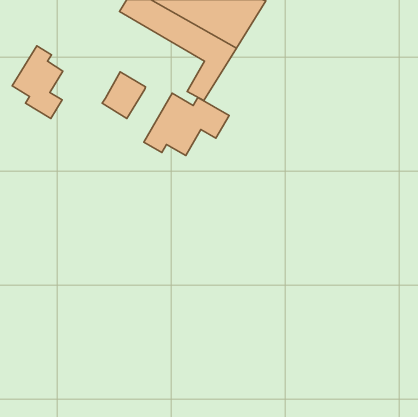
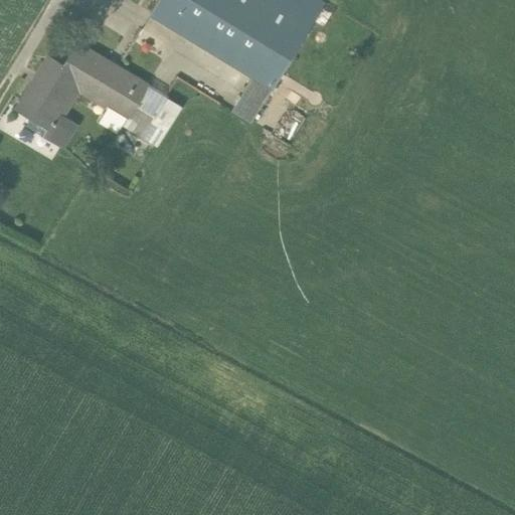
building: none -> [58,45,148,121]
building: [144,93,229,155] -> none

